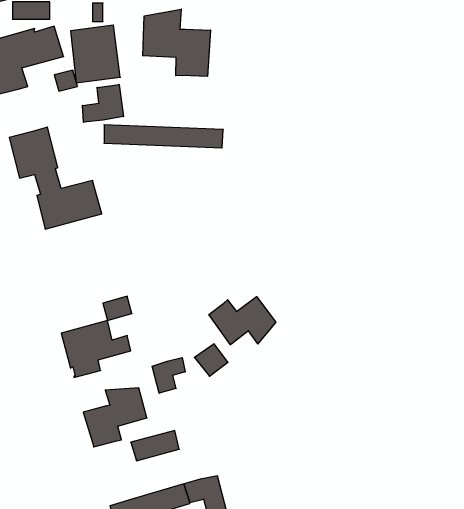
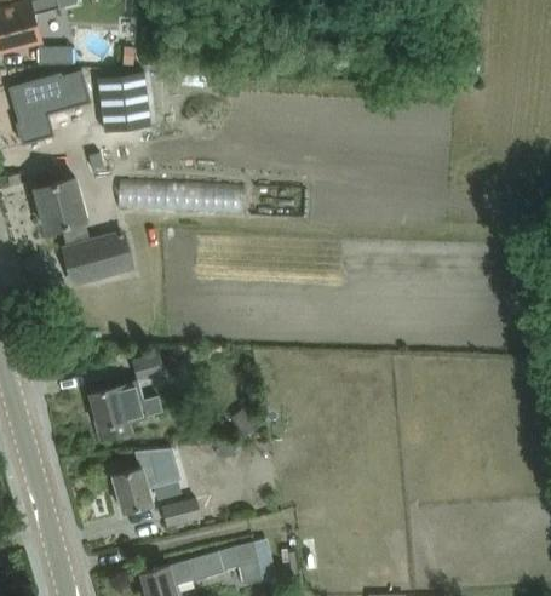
building: [143,9,211,76] -> none
building: [82,84,123,122] -> none
building: [209,297,276,345] -> none
building: [152,358,185,393] -> none

